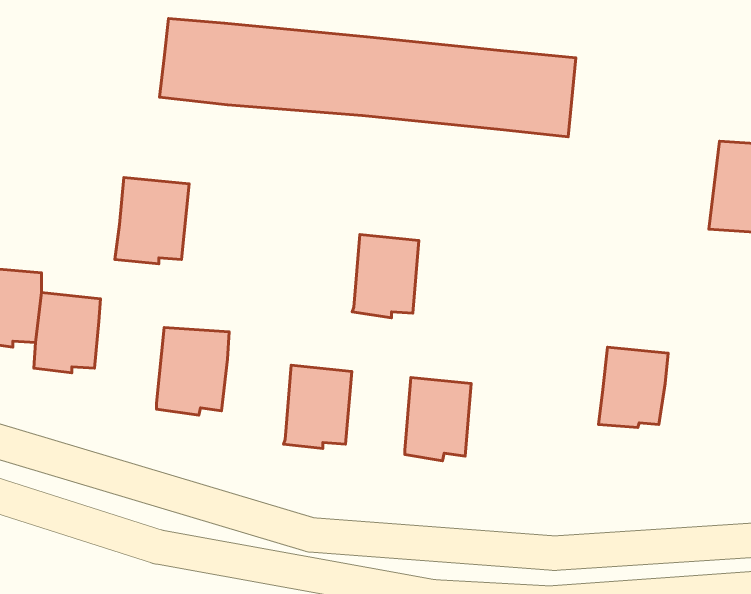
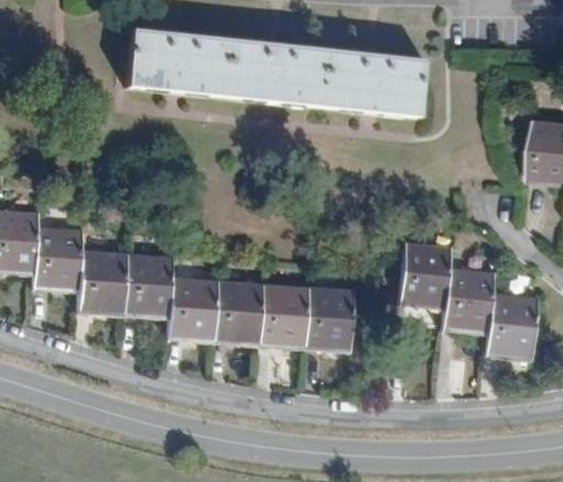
building: [115,178,189,264] -> [75,250,129,313]
building: [352,235,419,318] -> [260,286,308,347]
building: none -> [404,242,454,302]
building: none -> [169,277,221,340]
building: none -> [486,295,537,353]

